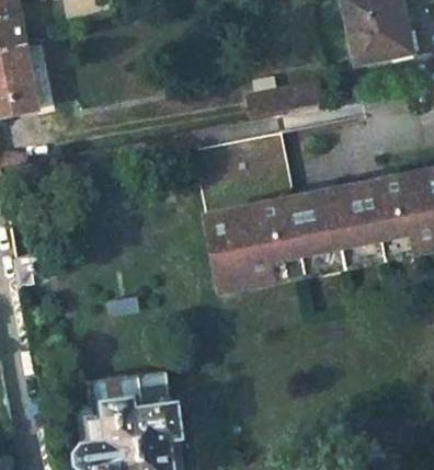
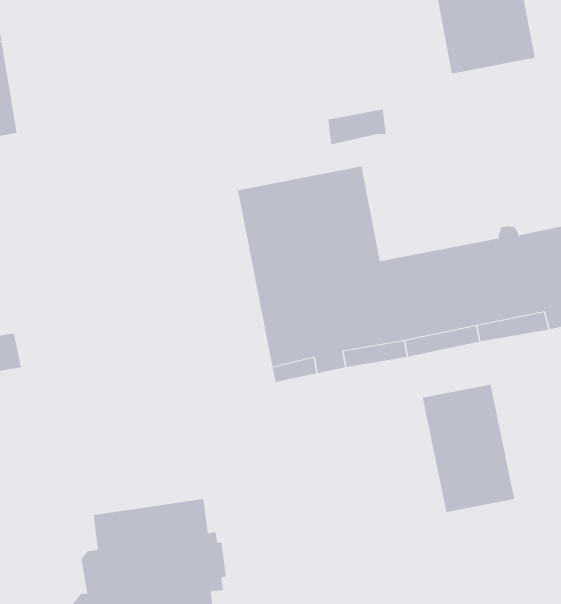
building: none -> [422,384,515,513]

